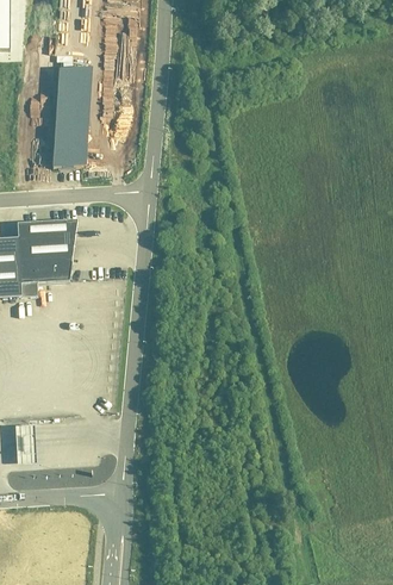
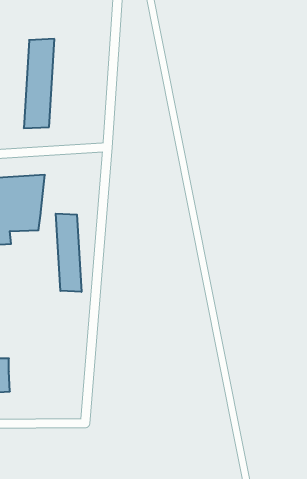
building: none -> [56,214,81,292]

